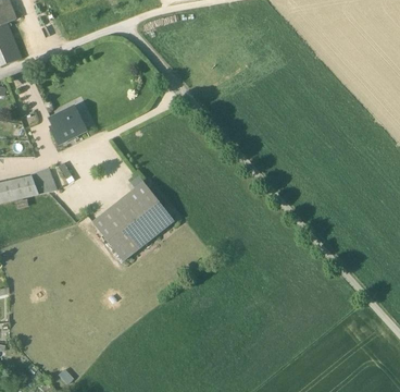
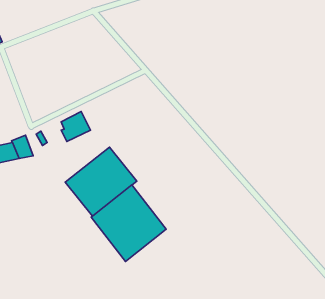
building: [51,106,85,140] -> [61,111,91,142]
building: none -> [91,185,166,261]

